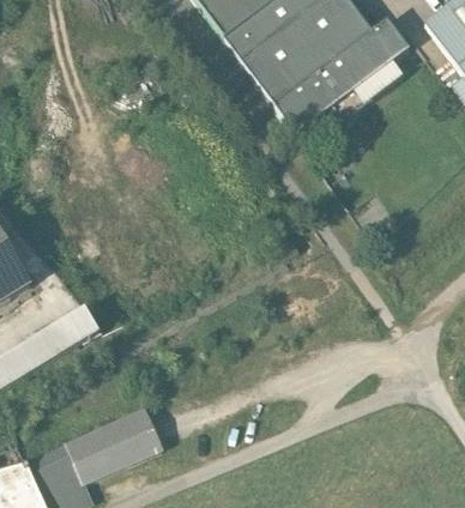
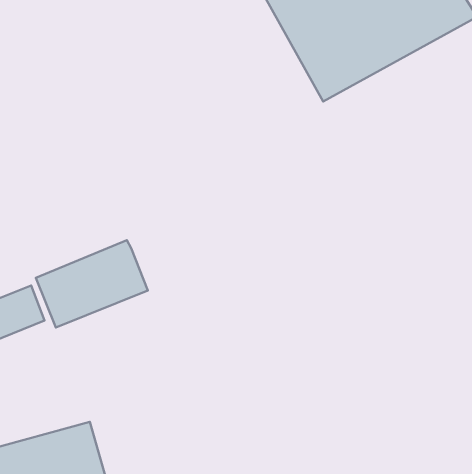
building: none -> [36,240,148,327]

